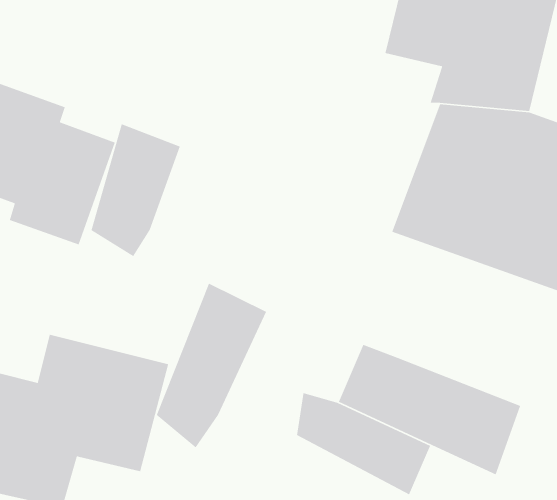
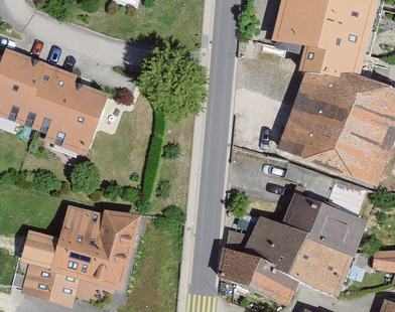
building: [91,123,181,257] -> none
building: [156,283,267,449] -> none
building: none -> [279,189,367,253]

